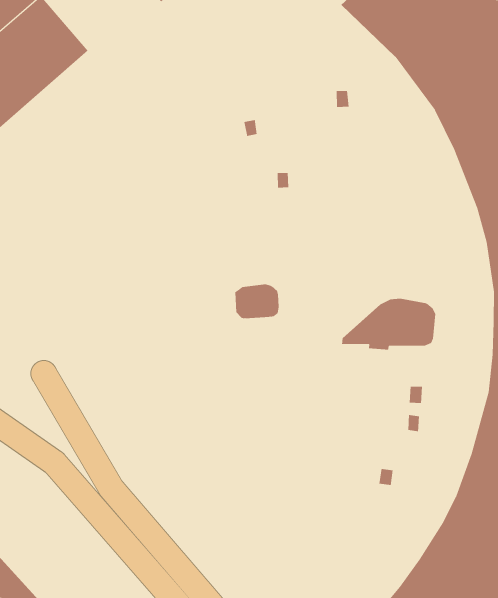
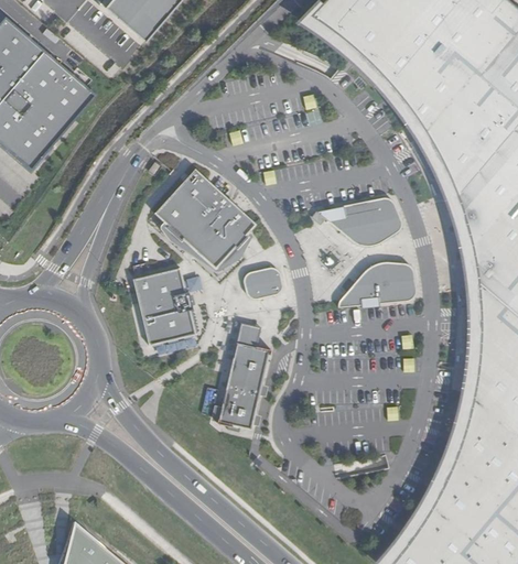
building: none -> [155,169,258,269]
building: none -> [317,196,402,246]
building: none -> [134,268,197,346]
building: none -> [212,324,271,432]

